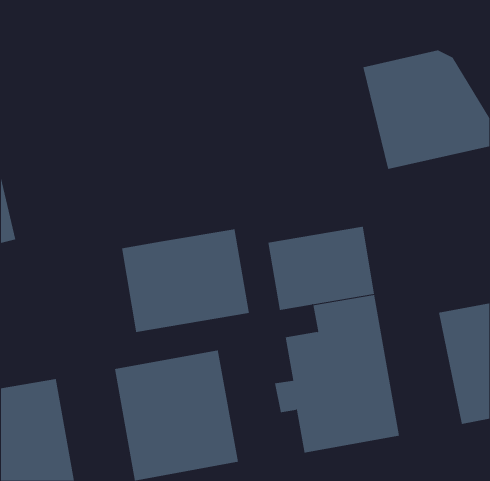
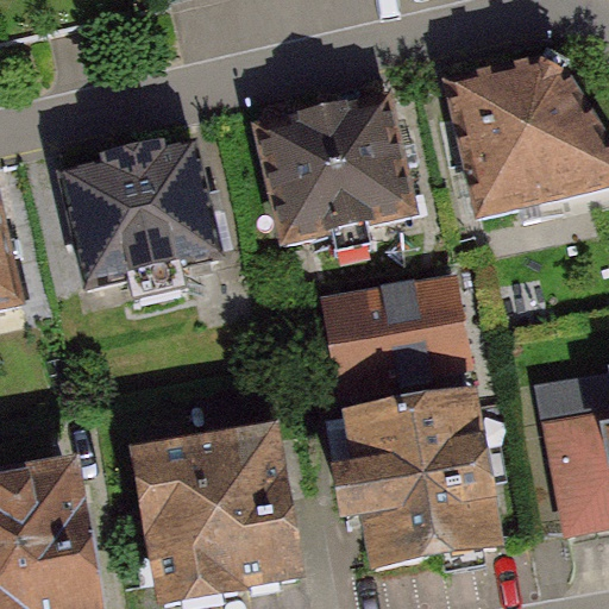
building: none -> [259,98,413,238]
building: none -> [61,140,219,285]
building: [121,228,249,333] -> none

